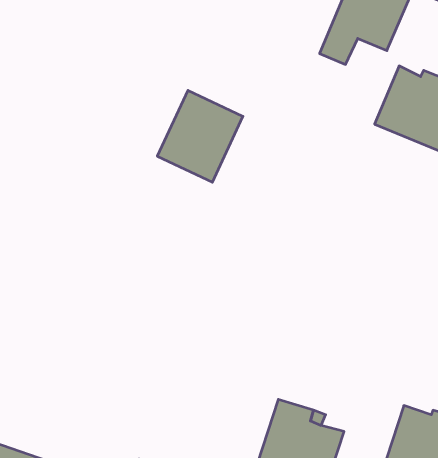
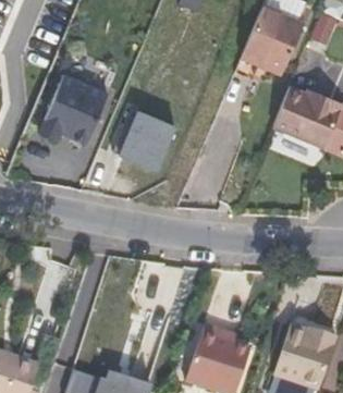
building: none -> [40,63,111,144]

